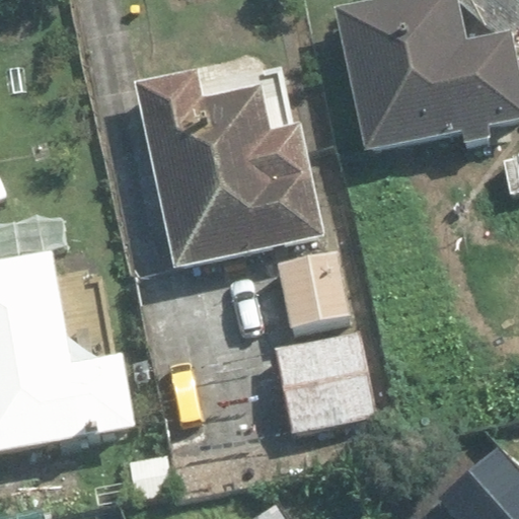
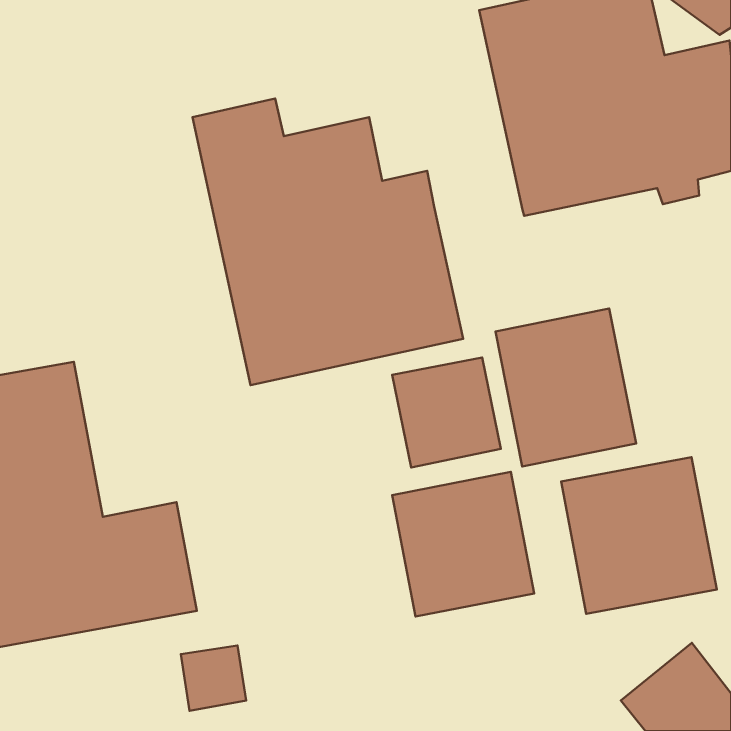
building: none -> [495,308,636,467]
building: none -> [561,457,717,614]

